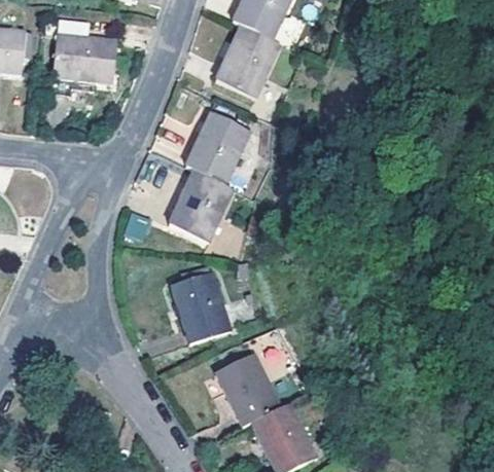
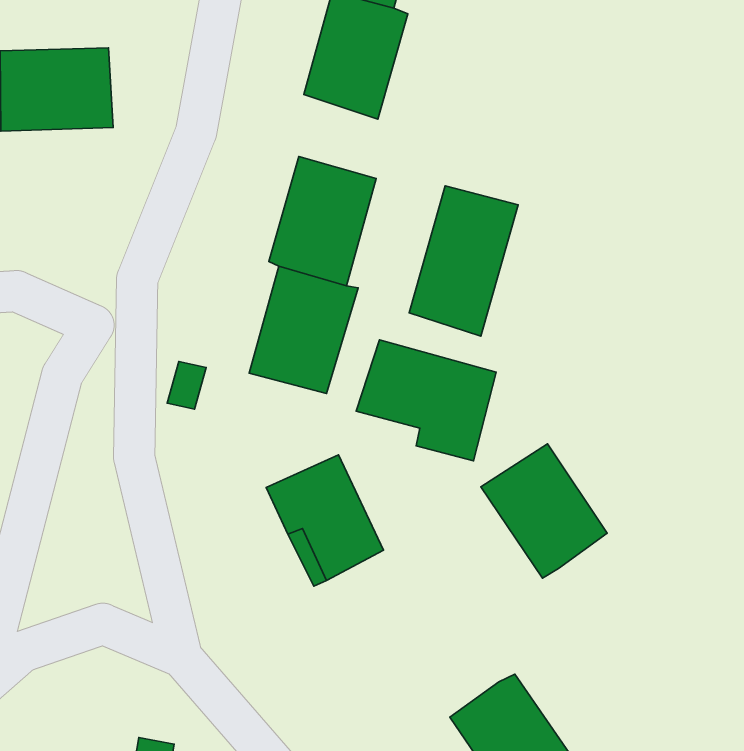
building: none -> [409,186,518,336]
building: none -> [356,340,496,461]
building: [216,355,281,427] -> [481,444,607,578]

